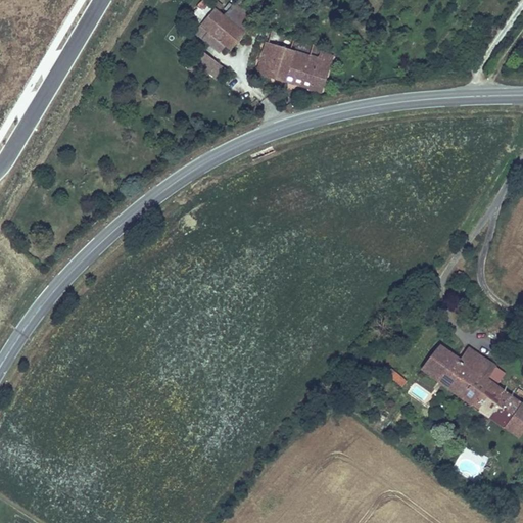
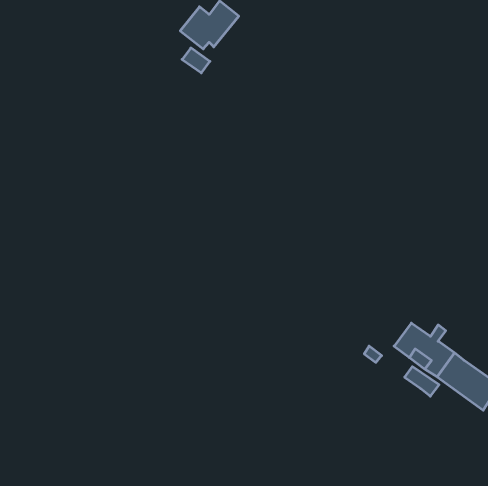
building: [255,40,333,91] -> none
building: [469,352,506,384] -> [405,367,439,396]

